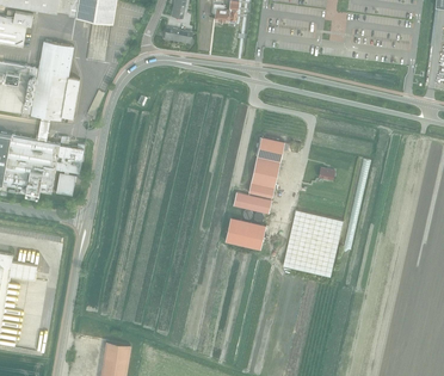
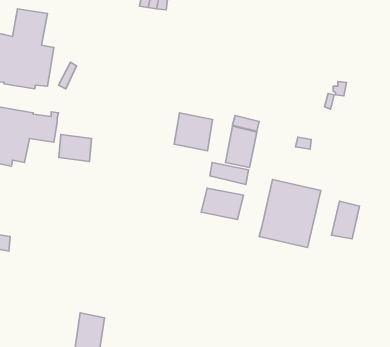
building: none -> [174,113,213,151]
building: none -> [59,134,91,161]
building: none -> [332,201,360,239]

